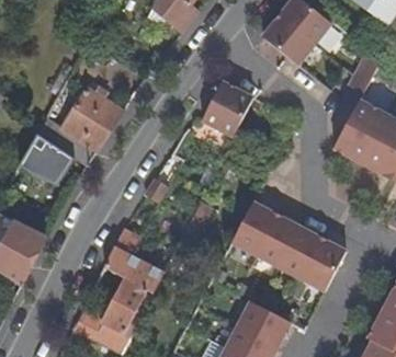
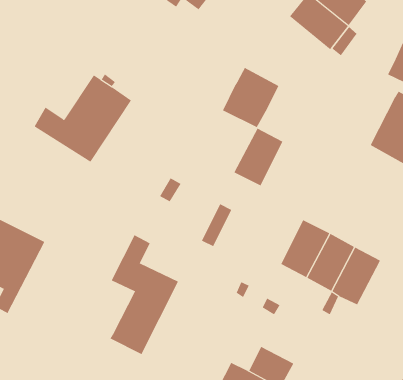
building: [16,137,70,186] -> none
building: [231,203,275,254] -> [233,128,283,186]
building: [238,302,281,342] -> none
building: [75,303,133,350] -> none

